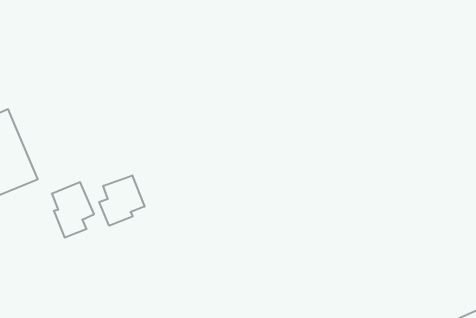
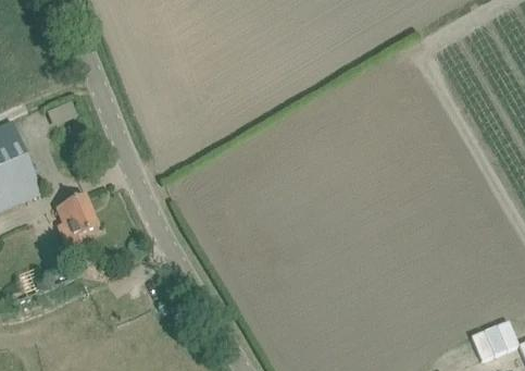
building: [99,175,145,226] -> none

